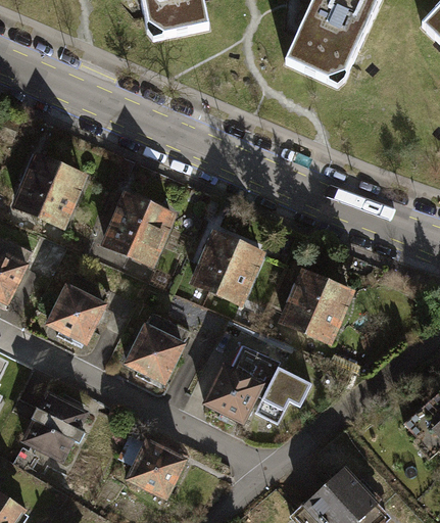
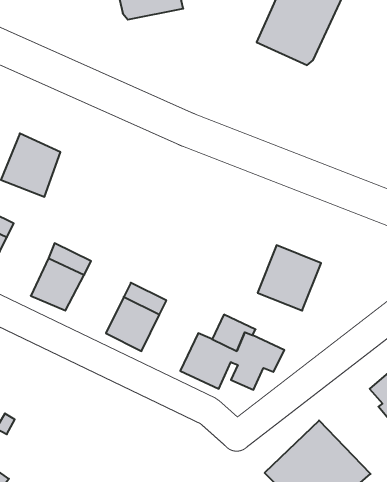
building: [104,197,170,264] -> none
building: [196,238,259,301] -> none
building: [23,394,86,461] -> none
building: [128,441,184,498] -> none

